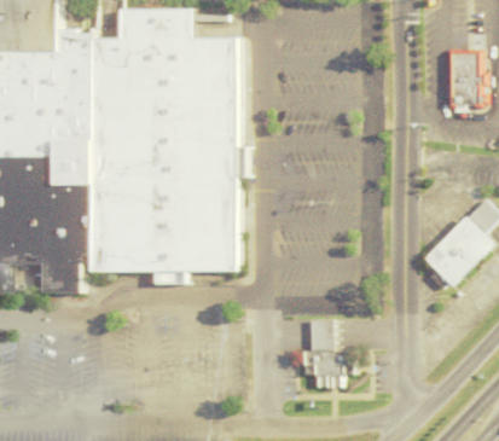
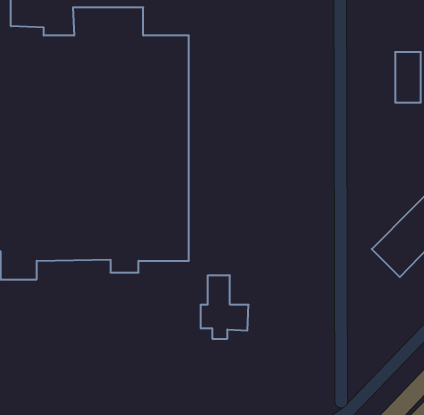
building: [304,321,354,387] -> [201,275,249,339]

